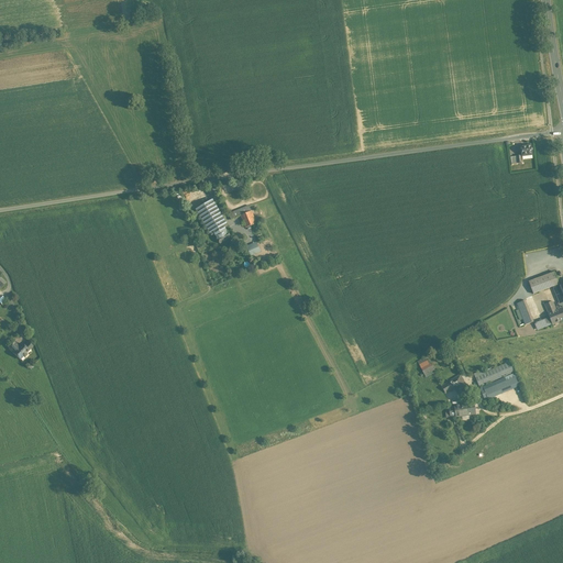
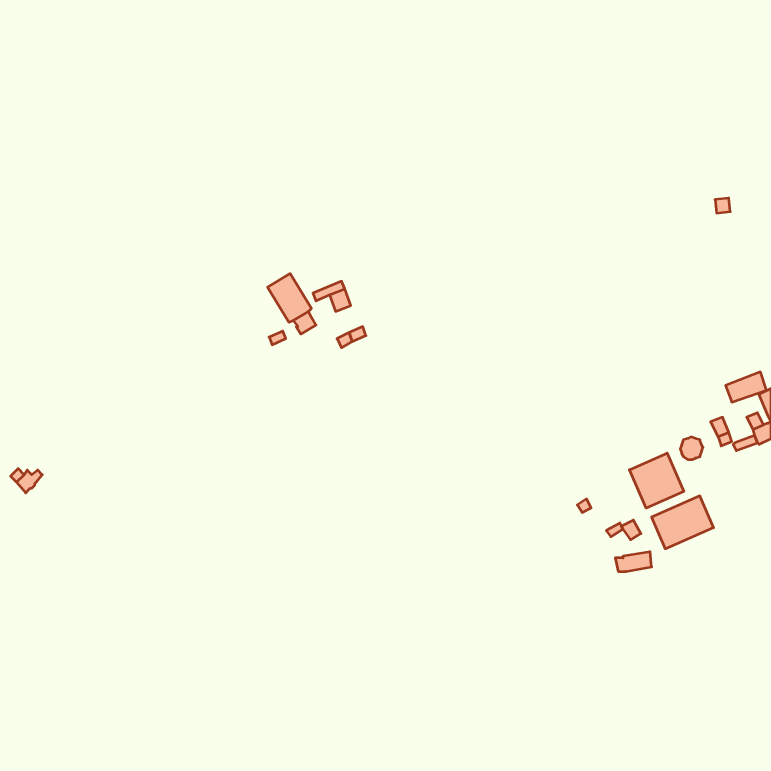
building: none -> [629,453,684,508]

